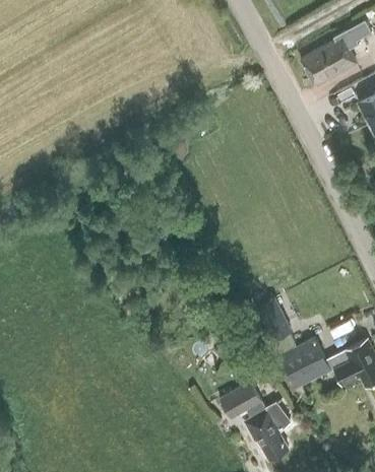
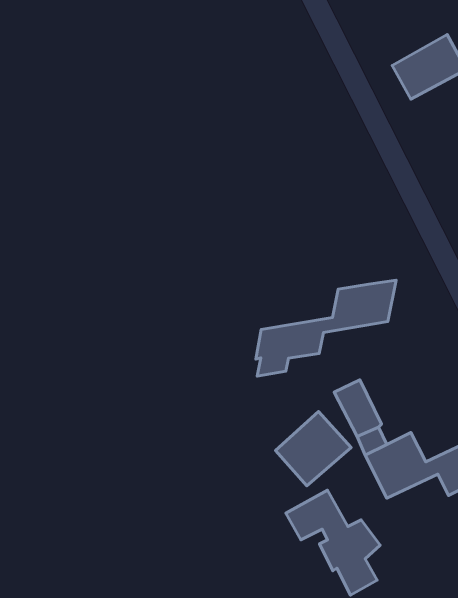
building: none -> [256,280,396,376]
building: none -> [276,411,351,486]

